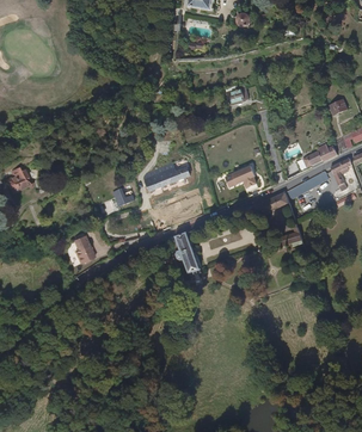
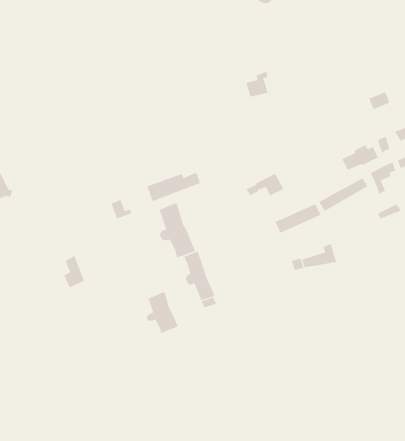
building: none -> [159,203,196,258]
building: none -> [146,292,179,334]

